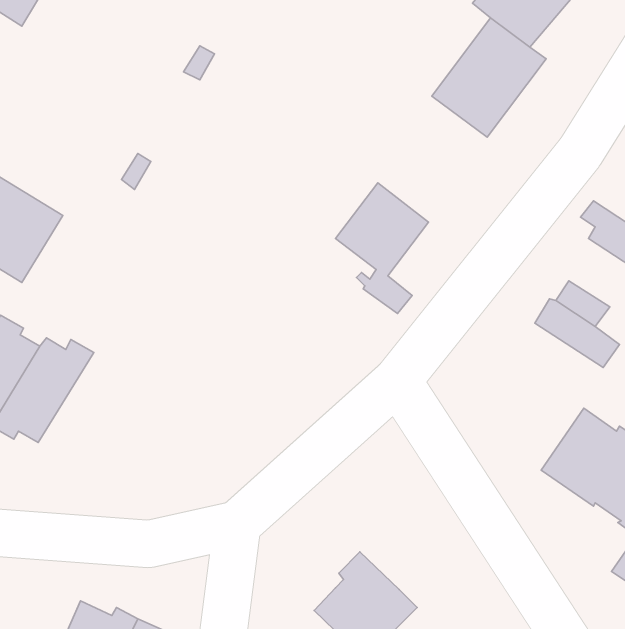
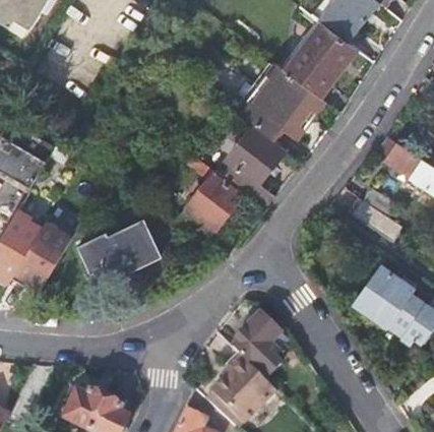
building: none -> [239,65,324,139]
building: none -> [181,153,242,241]
building: none -> [78,221,160,277]
building: none -> [232,312,281,379]

